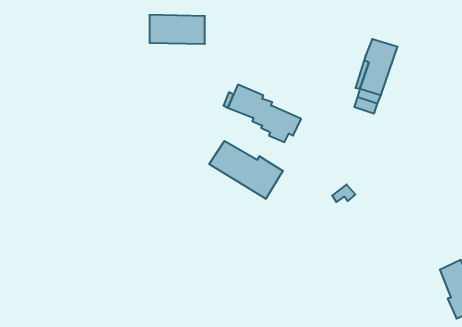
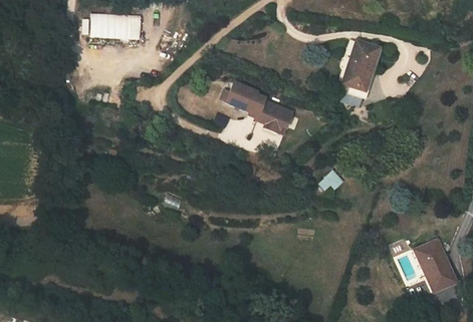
building: [149,15,205,44] -> [89,12,140,38]
building: [209,141,283,199] -> none

